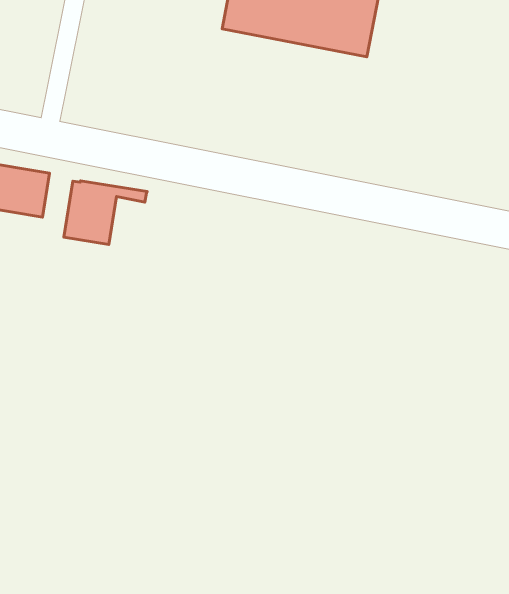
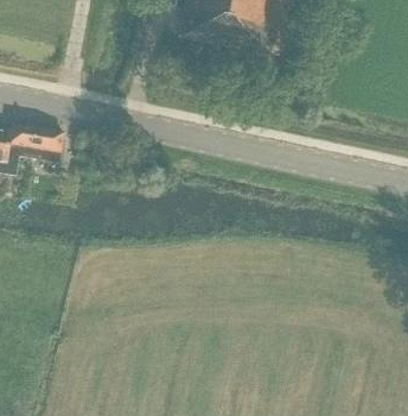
building: [64,181,147,245] -> none

